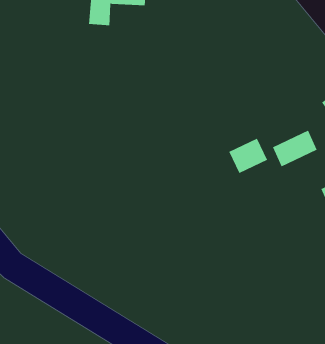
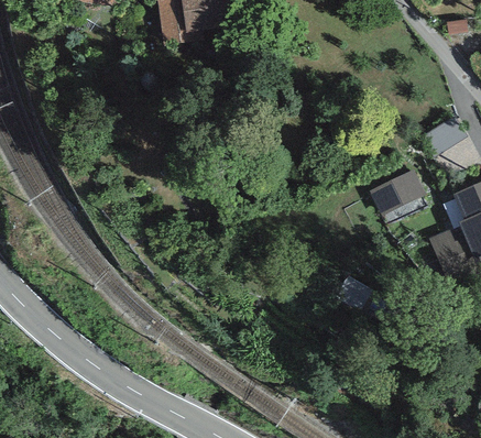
building: [228,138,268,174] -> none

